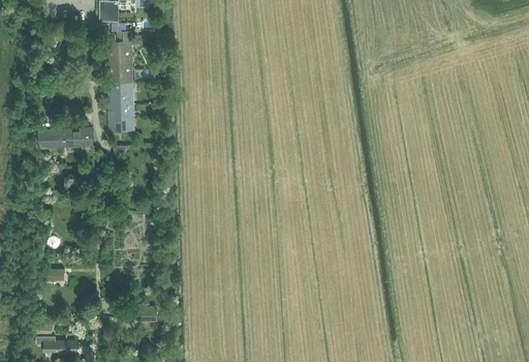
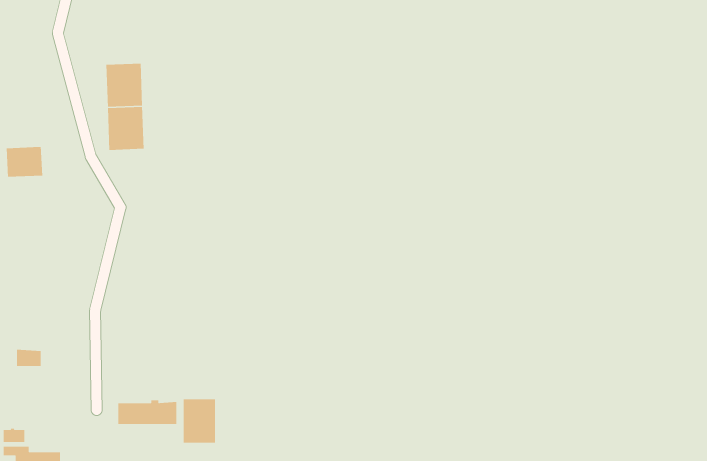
building: [106,31,132,71] -> none
building: [63,127,93,149] -> none
building: none -> [183,398,216,444]

